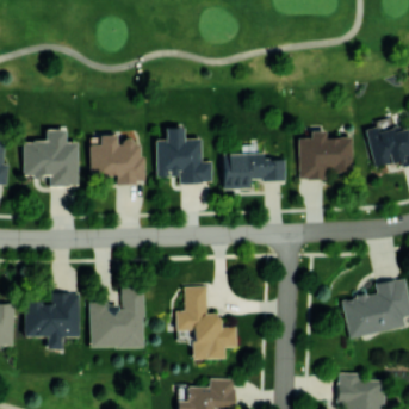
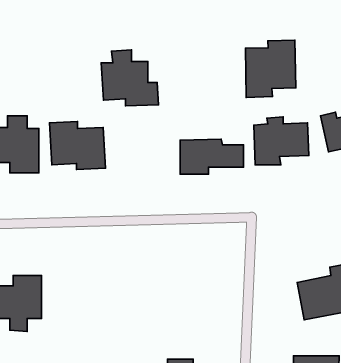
building: none -> [245,40,296,97]
building: [154,126,212,184] -> [101,50,158,106]
building: [176,286,237,359] -> none
building: [89,287,144,348] -> none

